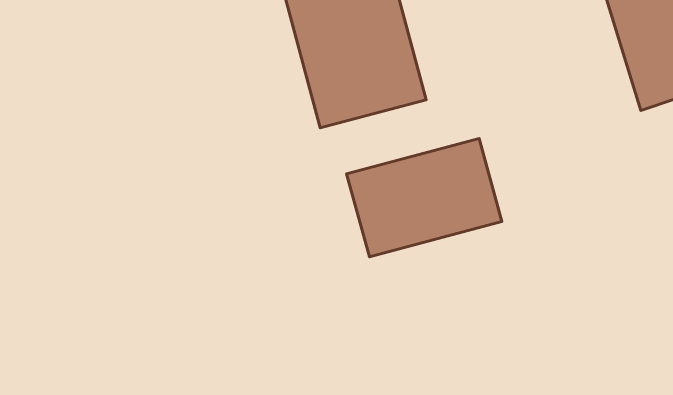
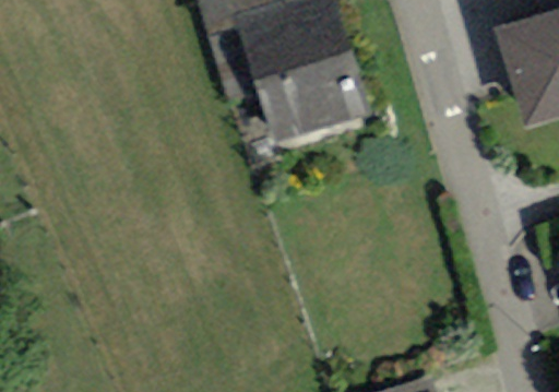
building: [347,138,502,257] -> none

